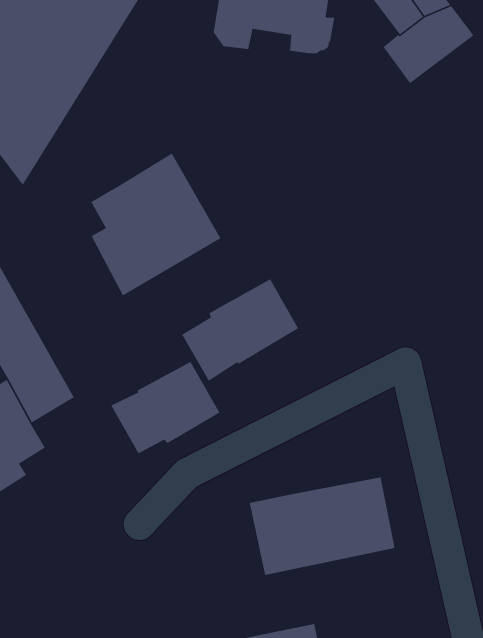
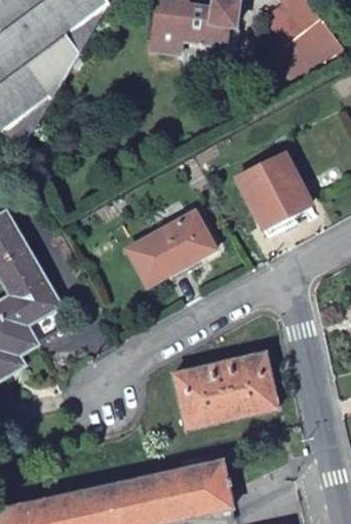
building: [90,152,221,296] -> none
building: none -> [236,152,318,235]
building: [110,361,221,455] -> none

